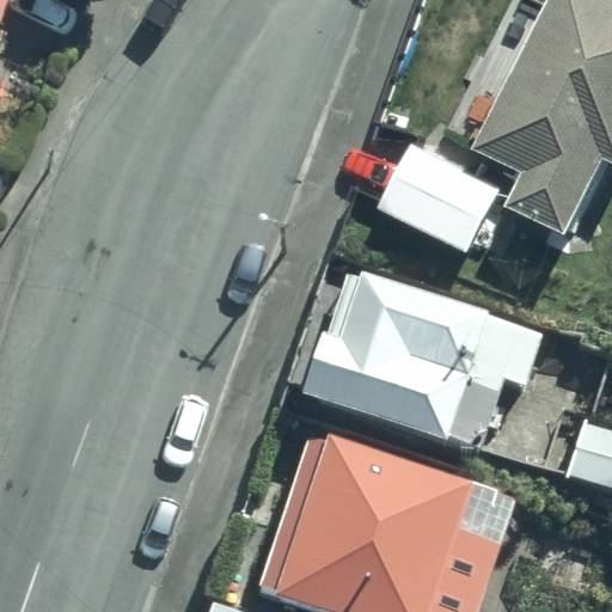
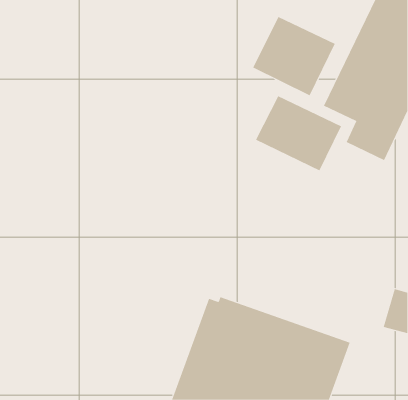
building: none -> [252,16,336,96]
building: [301,279,541,454] -> none

